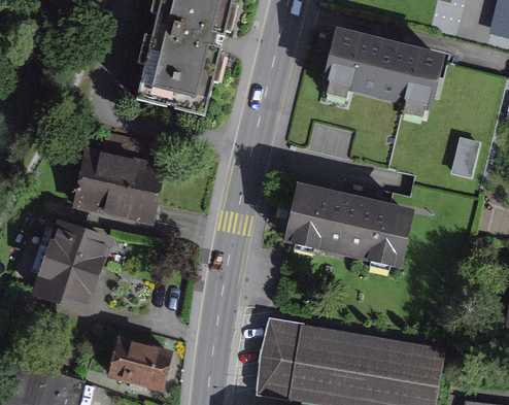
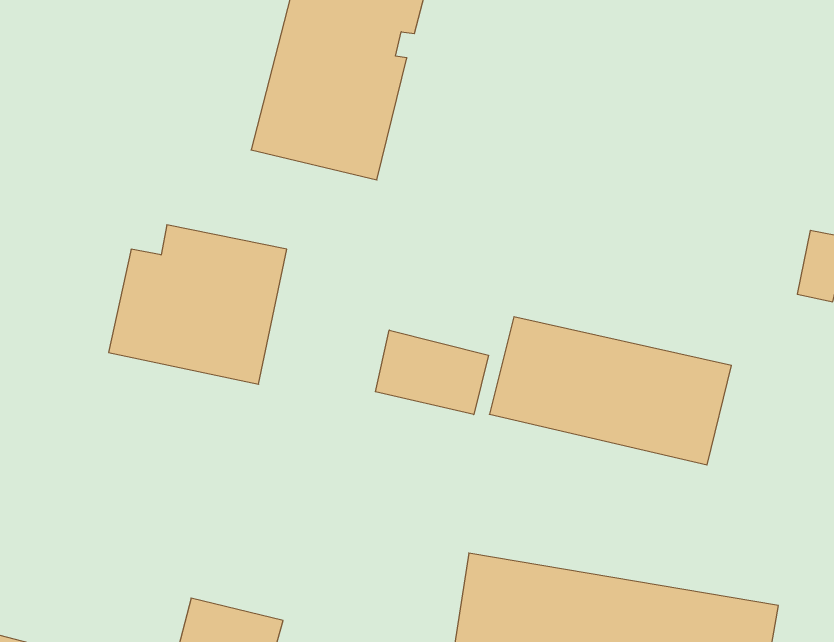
building: [317,26,448,120] -> none
building: none -> [375,330,488,415]
building: [31,221,107,313] -> none

